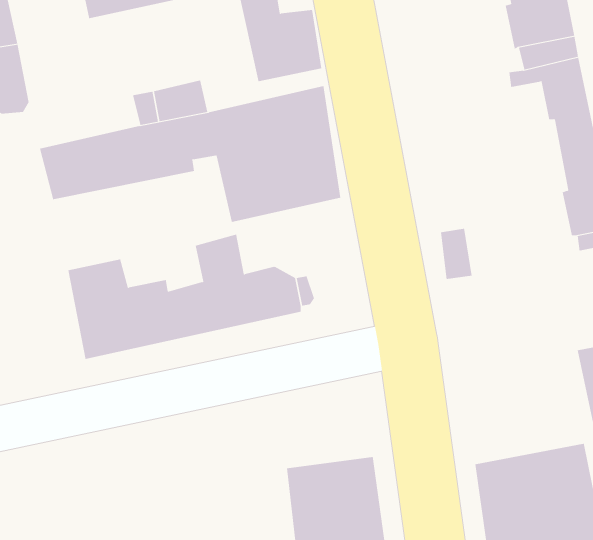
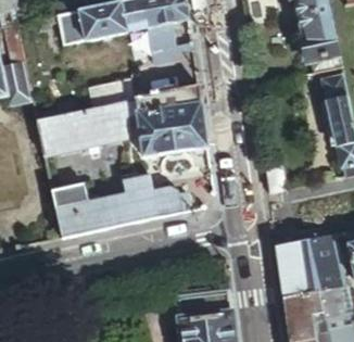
building: none -> [277,236,346,299]

